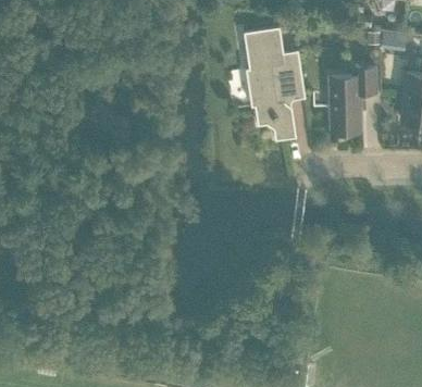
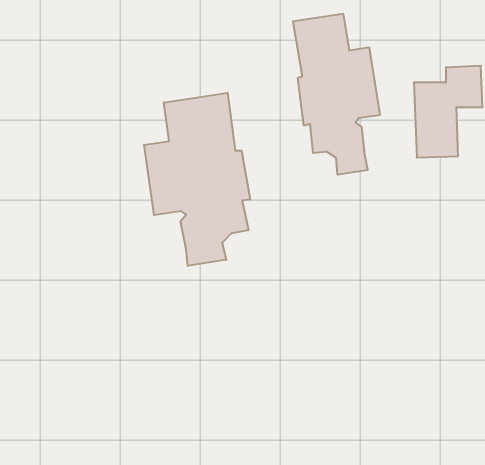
building: none -> [144,93,250,266]

